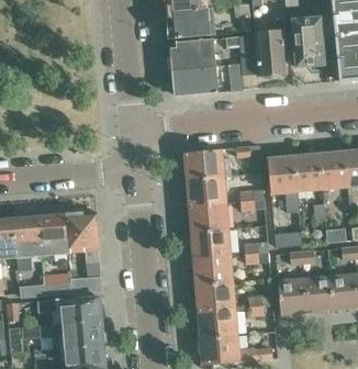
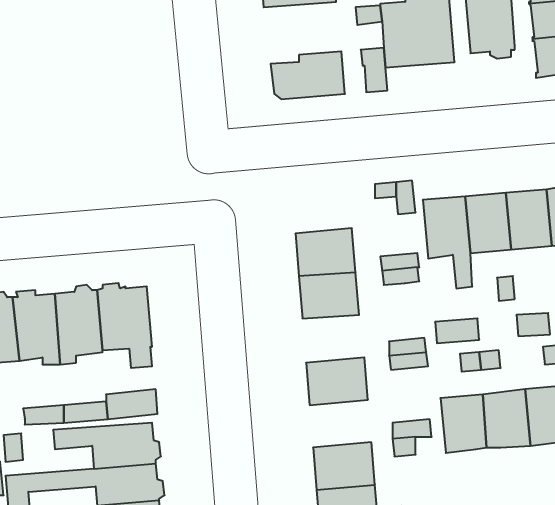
building: [170,40,216,74] -> none
building: [186,149,232,179] -> none
building: [192,230,231,259] -> none
building: [197,282,235,312] -> none

